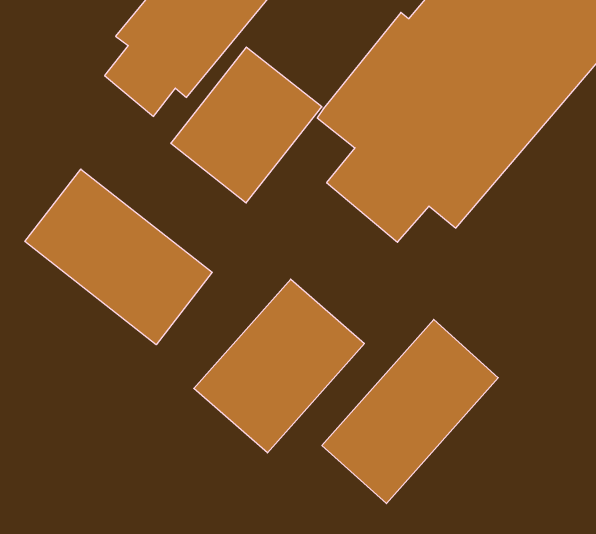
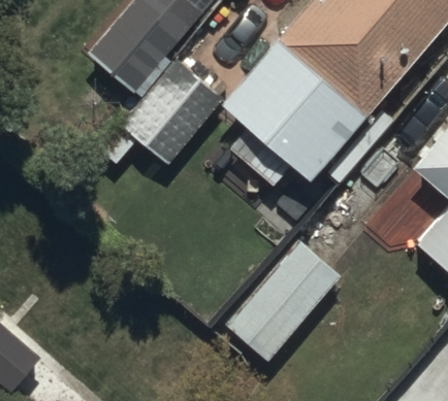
building: [25,169,212,345] -> none
building: [194,279,364,453] -> none

